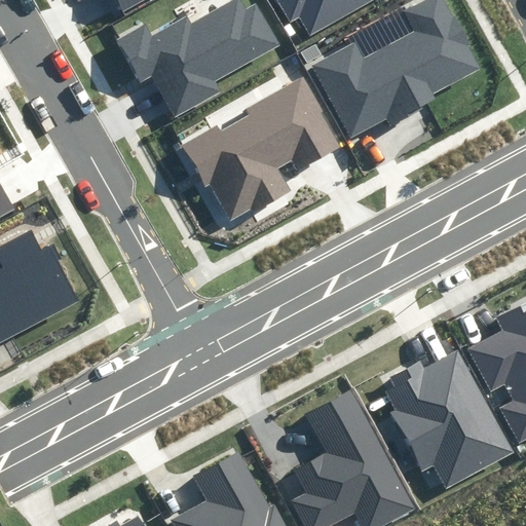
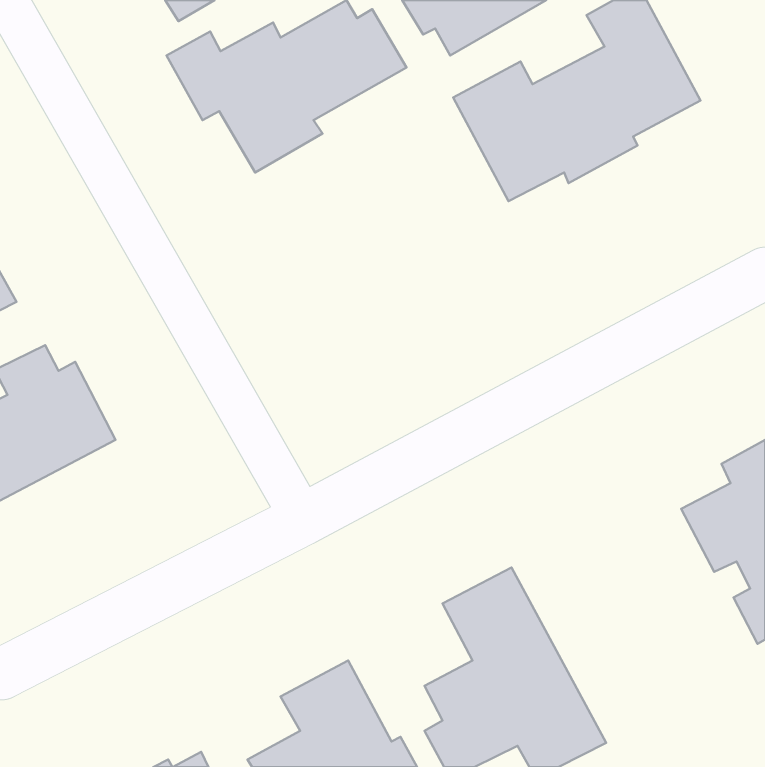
building: [181,81,338,222] -> none
building: [385,351,512,488] -> none

